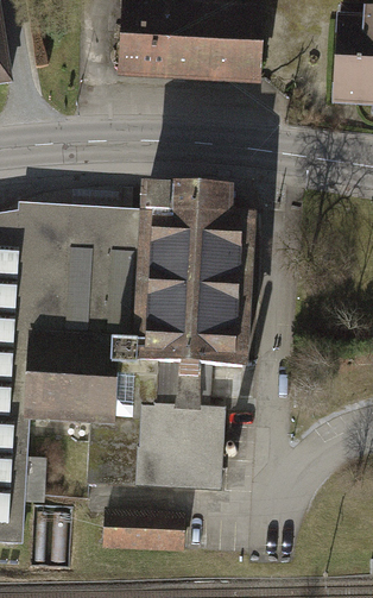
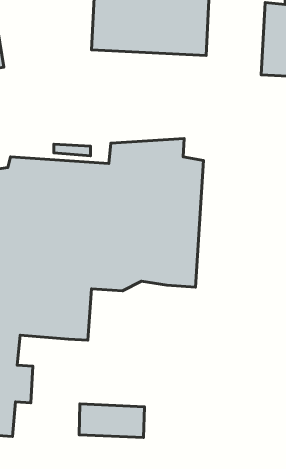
building: [86,353,223,485] -> none

